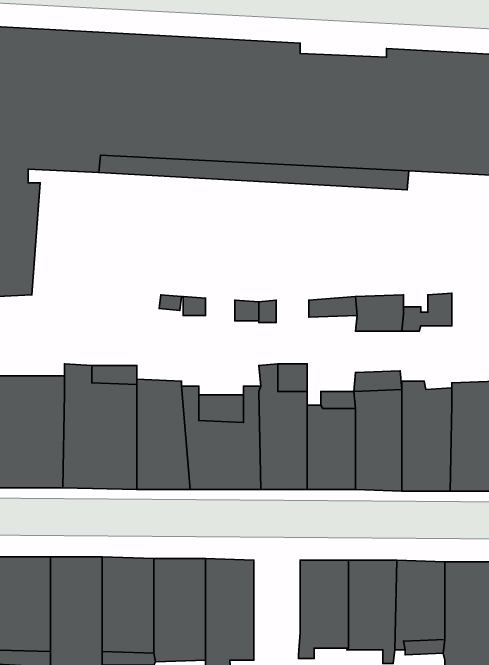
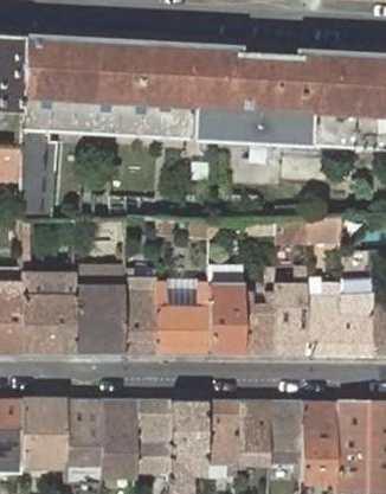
building: none -> [205,402,237,462]

